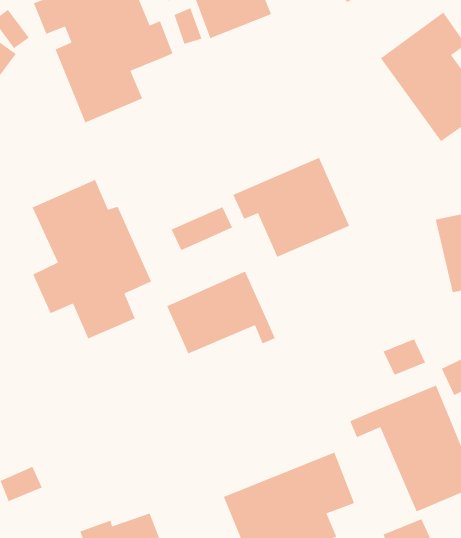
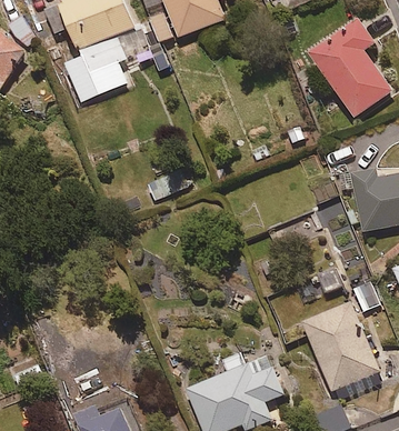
building: [232,157,350,258] -> none
building: [31,179,152,339] -> none
building: [166,270,276,355] -> none

